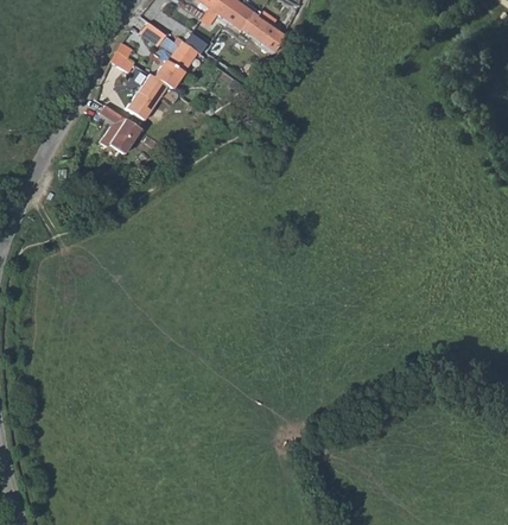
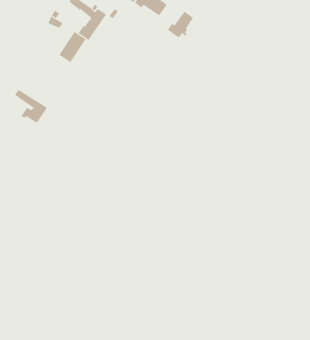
building: none -> [167,11,194,38]
building: [93,101,141,151] -> [14,89,48,123]

